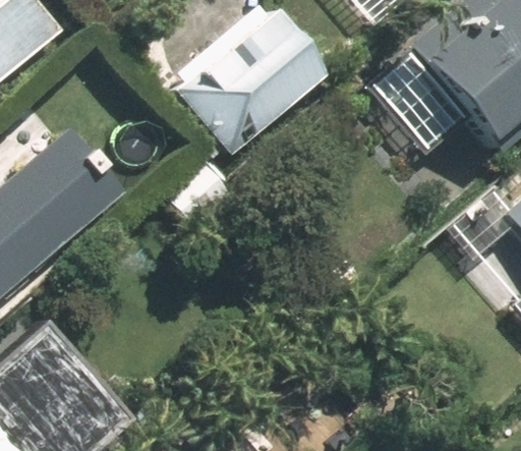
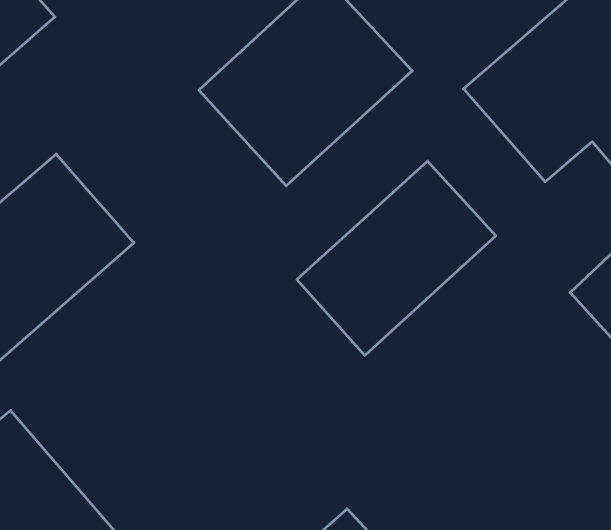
building: none -> [297,161,496,355]

